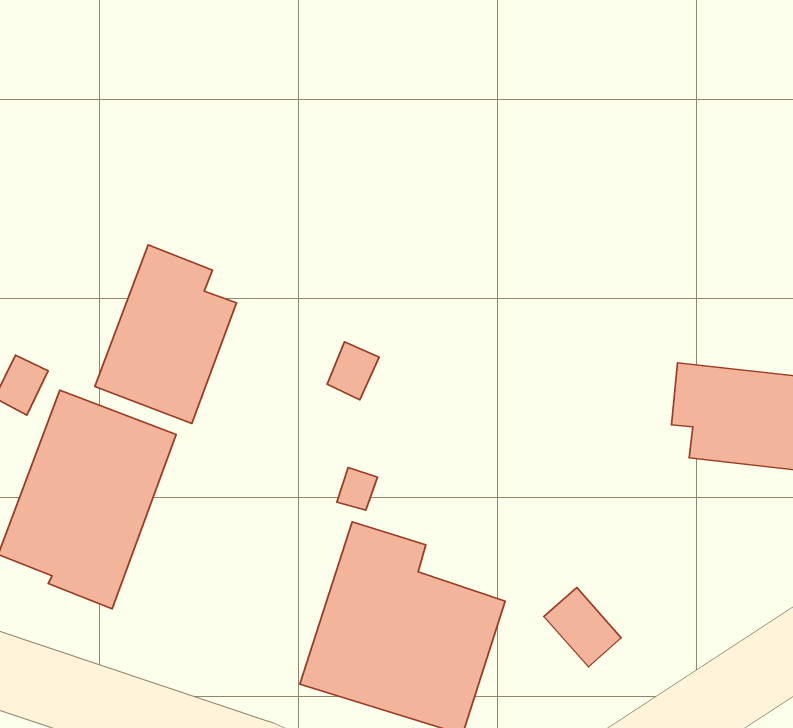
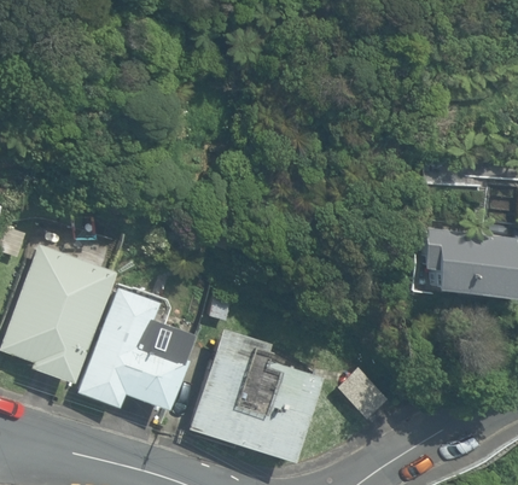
building: [95,245,237,423] -> none
building: none -> [81,288,191,409]

